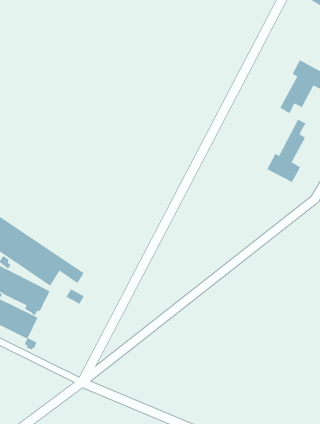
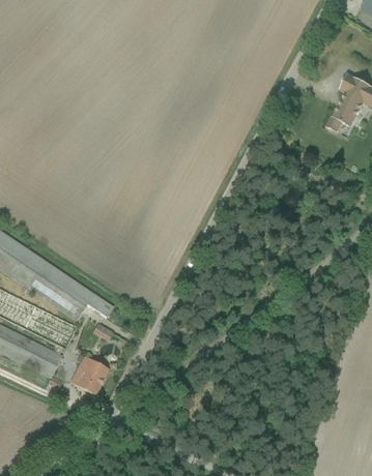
building: [266,119,306,183] -> none
building: none -> [69,354,108,394]

